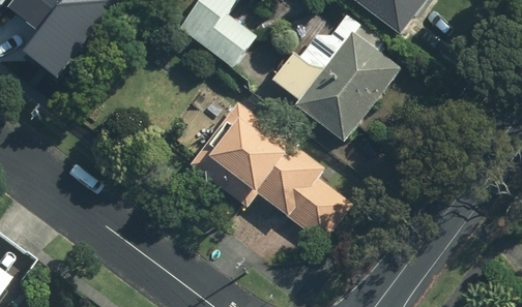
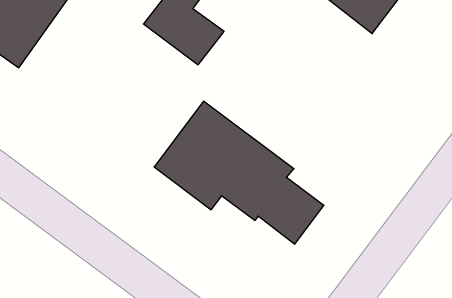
building: [271,31,401,145] -> none

